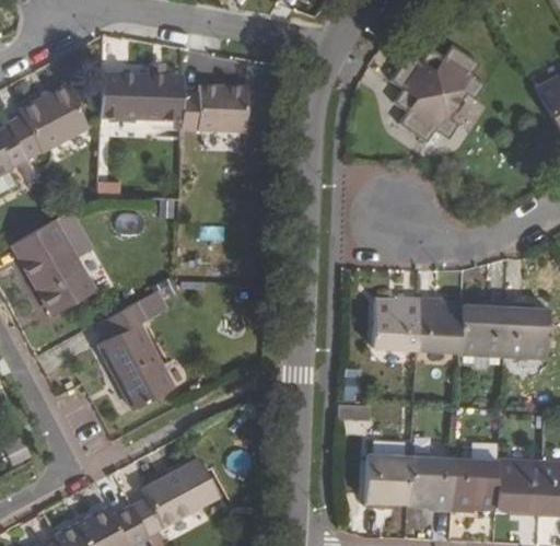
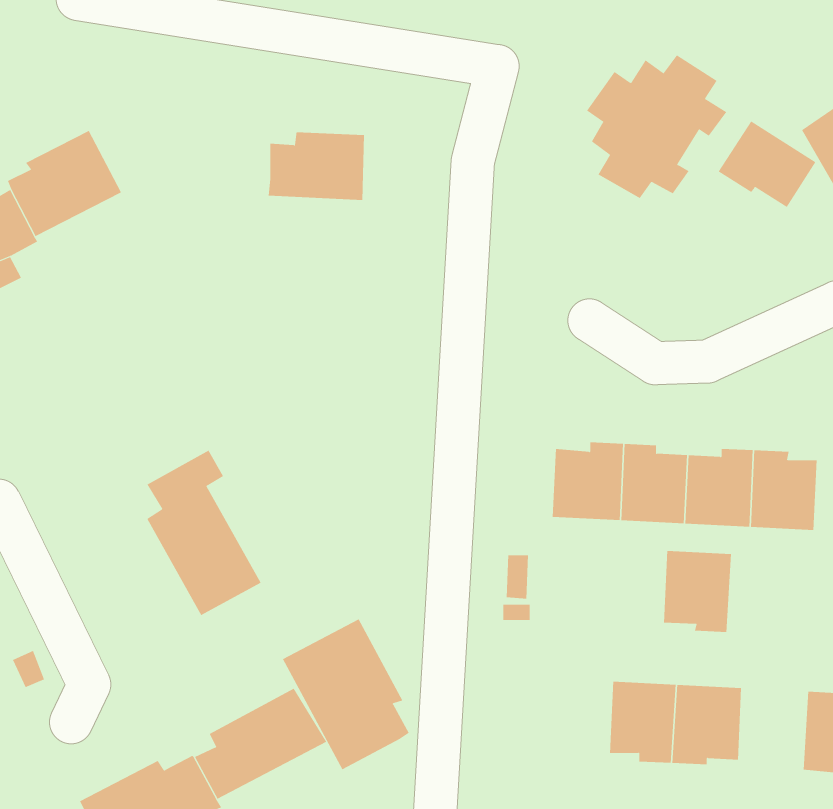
building: [98,74,184,120] -> none
building: none -> [718,120,816,208]
building: [14,221,94,315] -> none
building: none -> [282,619,410,770]
building: [363,453,411,508] -> none
building: [495,460,541,514] -> [663,550,732,633]

